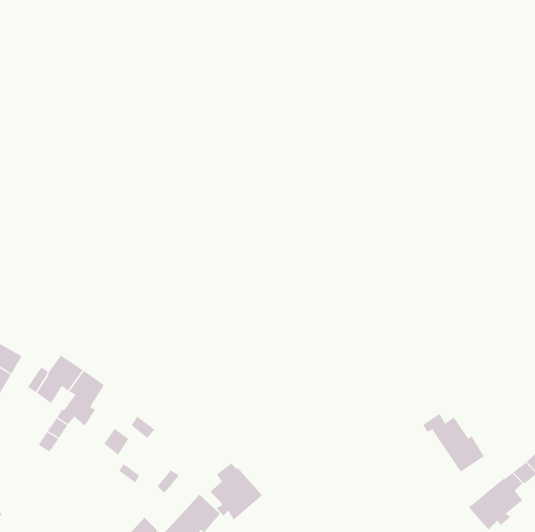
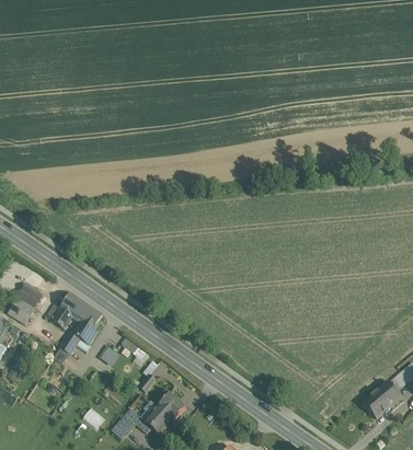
building: [423,413,484,473] -> none
building: [210,462,263,520] -> none

